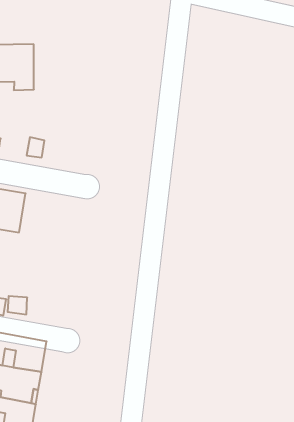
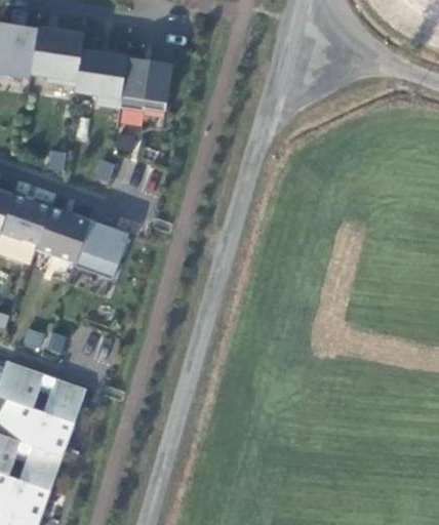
building: none -> [118,56,171,111]
building: none -> [74,220,128,279]

